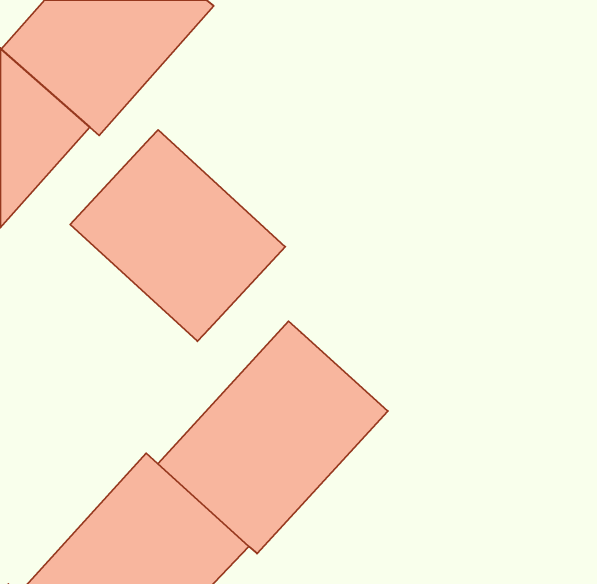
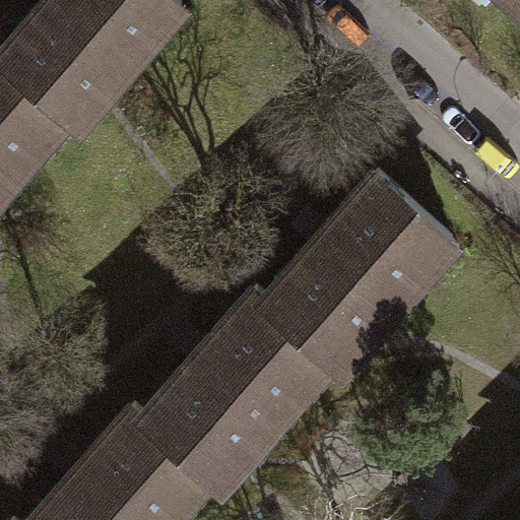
building: [70,130,285,341] -> none
building: none -> [262,174,461,377]

